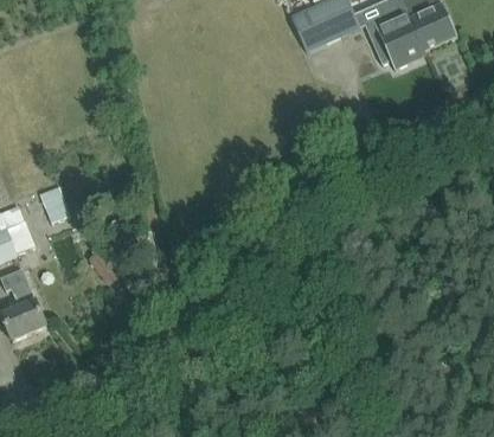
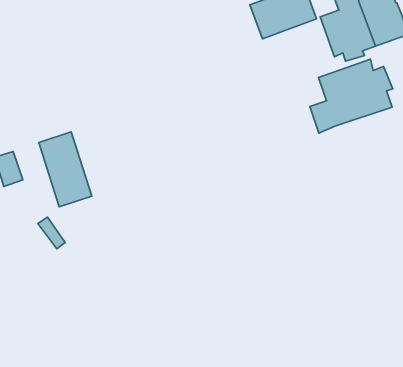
building: none -> [310,59,393,133]
building: none -> [39,132,92,207]

